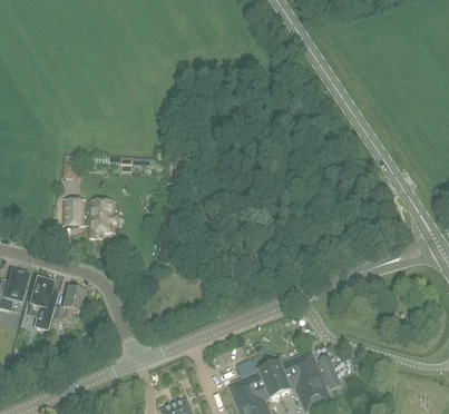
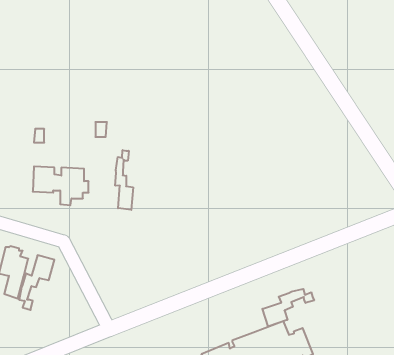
building: none -> [115,150,133,210]
building: none -> [262,289,314,326]

